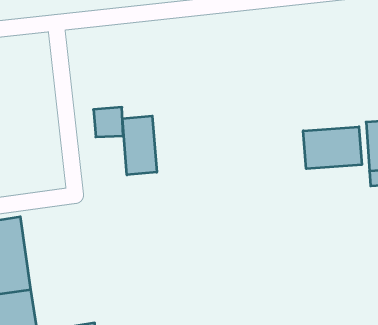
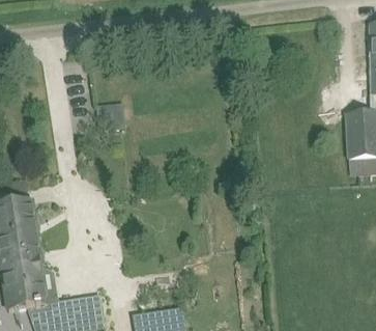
building: [122,116,157,175] -> none
building: [303,127,362,169] -> none

